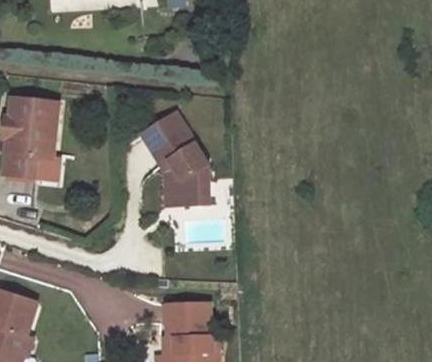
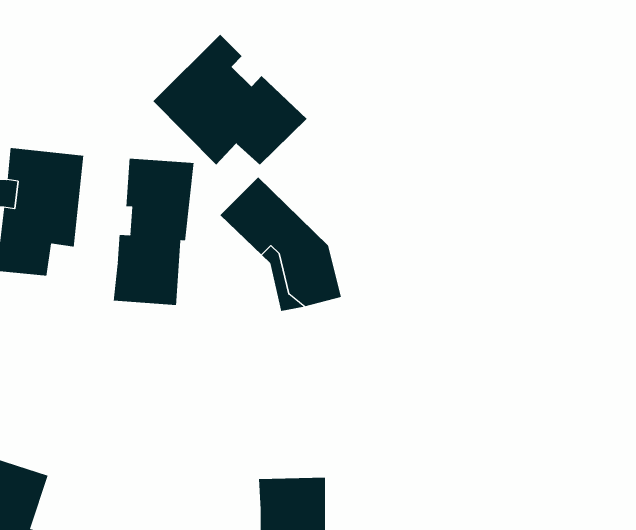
building: none -> [152,34,307,165]
building: none -> [113,158,194,306]

